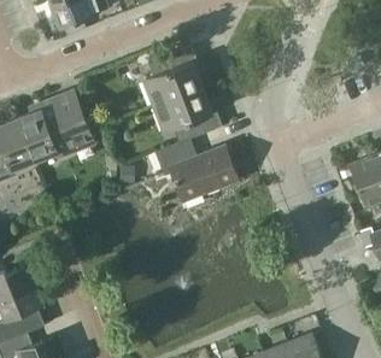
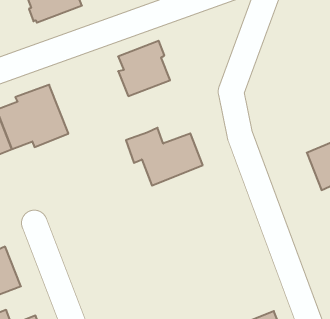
building: [157,87,221,142] -> none

